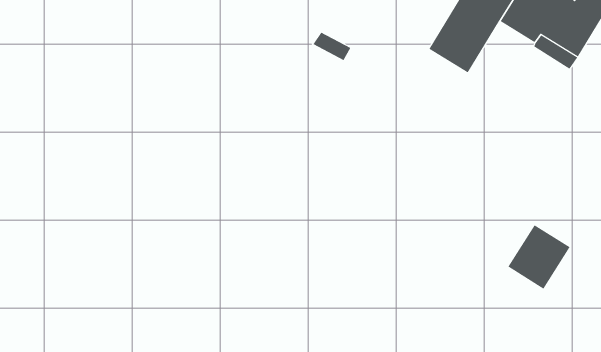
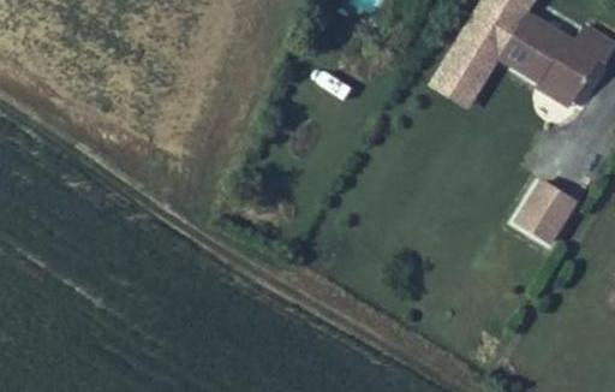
building: [508,224,570,290] -> [517,180,579,245]

